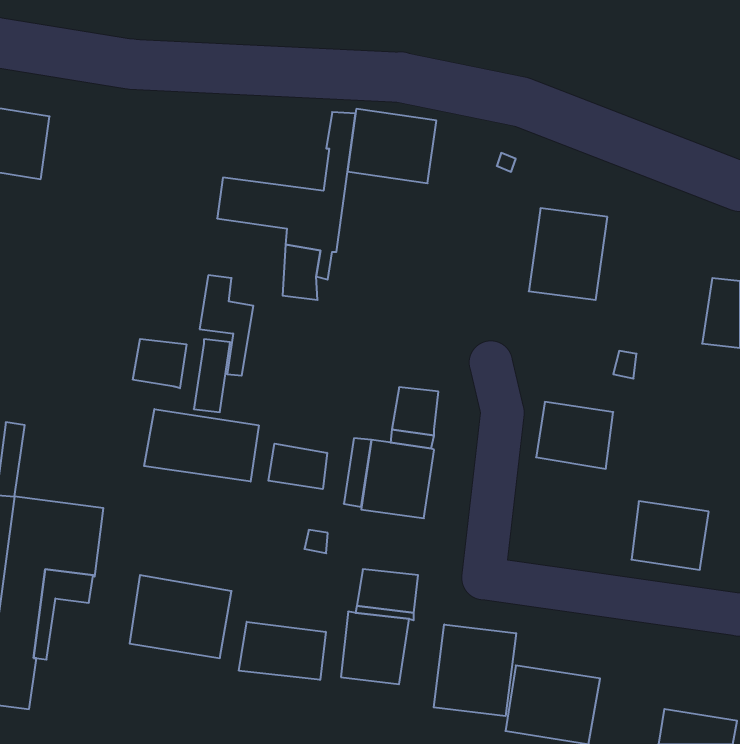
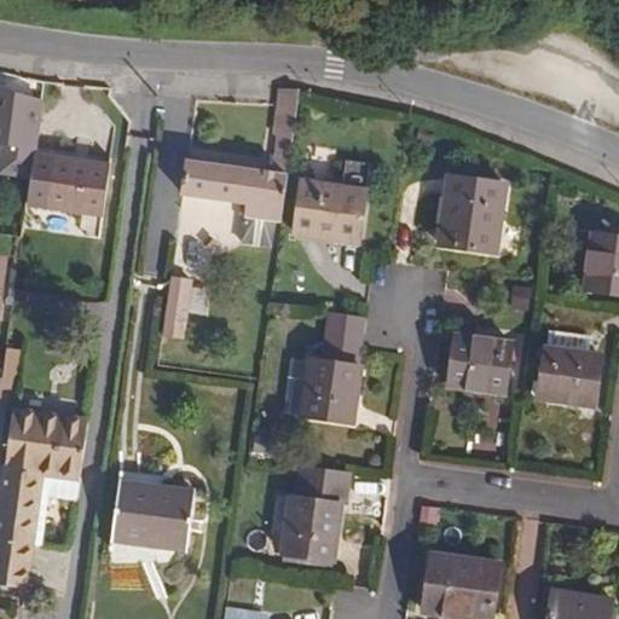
building: [347,109,436,183] -> [290,179,364,241]
building: none -> [44,156,105,210]
building: [133,339,186,388] -> none
building: [144,409,259,482] -> none
building: [268,444,327,489] -> none
building: [631,501,709,570] -> [534,346,598,403]
building: [239,622,326,680] -> none
building: [434,624,516,716] -> none

